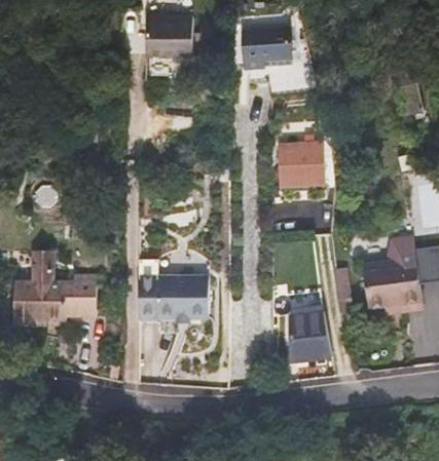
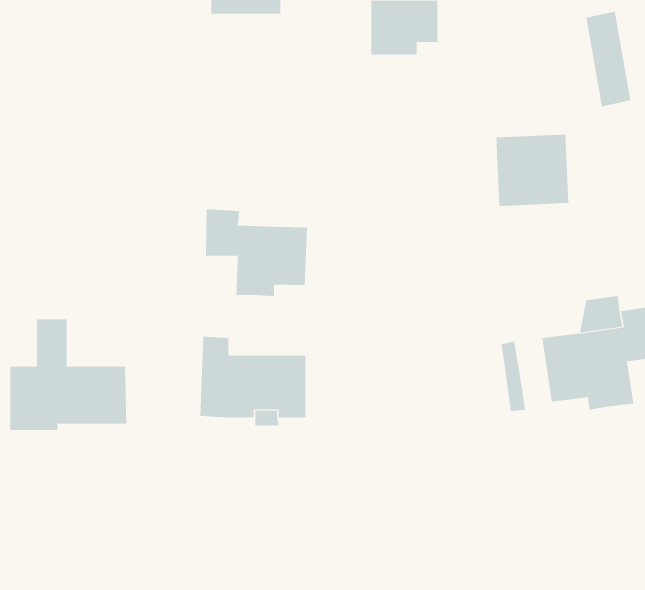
building: [278,141,326,188] -> [495,134,569,206]
building: none -> [206,209,308,297]
building: [290,309,330,357] -> none

